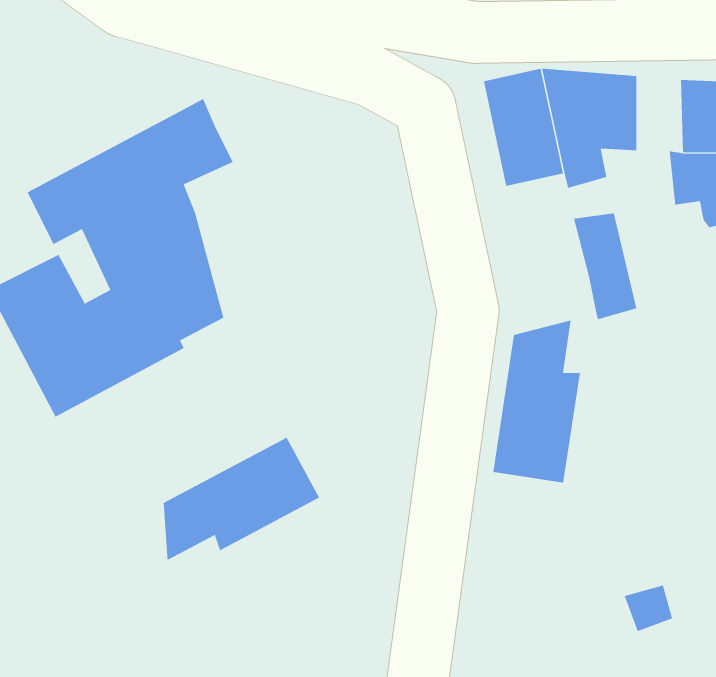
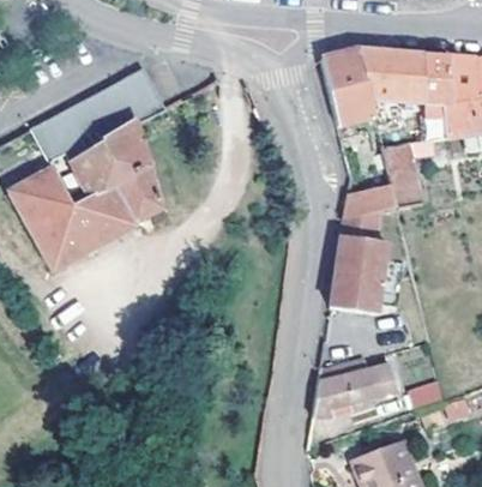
building: none -> [422,53,451,139]
building: none -> [343,181,396,218]
building: [163,437,320,561] -> none
building: none -> [313,355,397,415]

